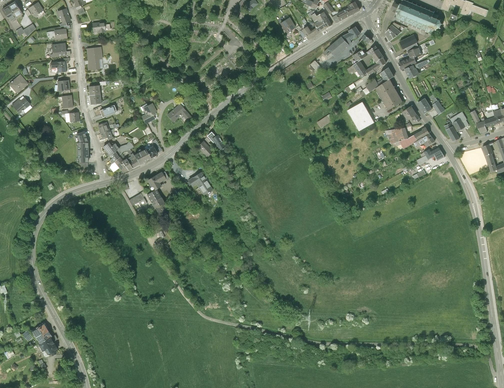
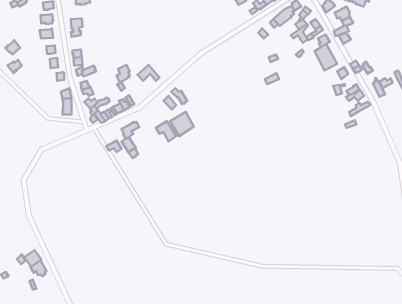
building: [348,102,374,130] -> none
building: none -> [170,112,194,136]

